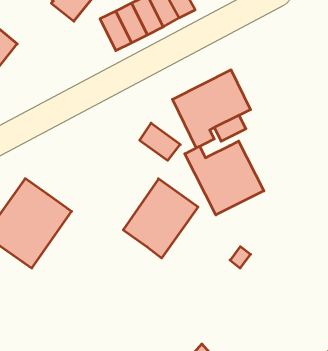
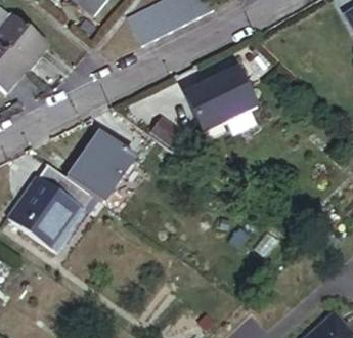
building: [185,141,264,215] -> none
building: [123,179,198,258] -> [76,132,143,204]

